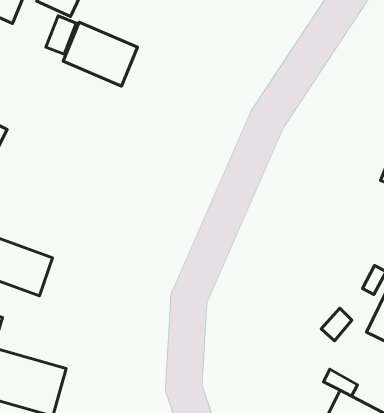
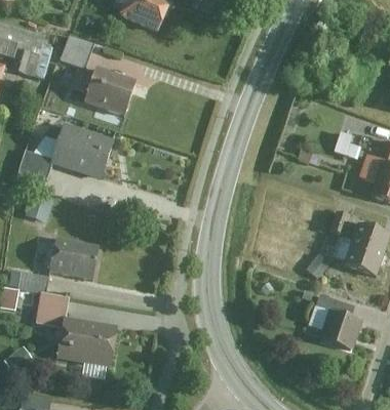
building: none -> [53,124,115,171]

